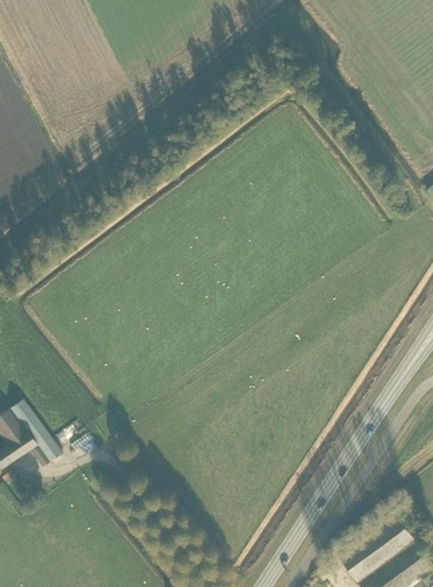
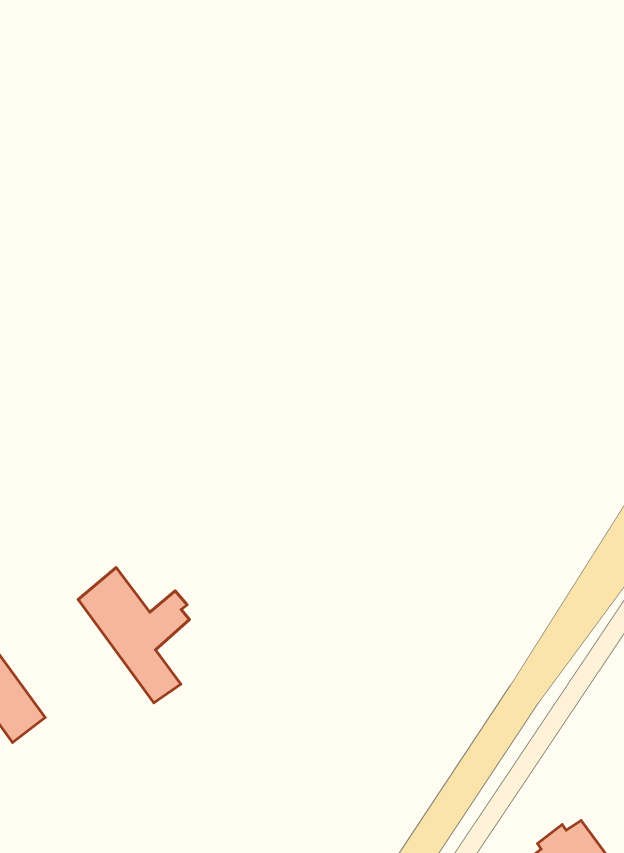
building: none -> [78,568,190,703]

